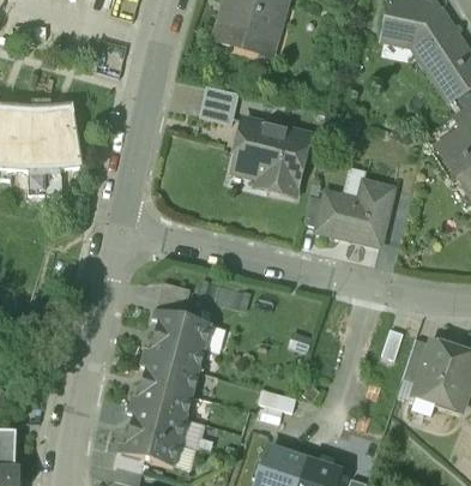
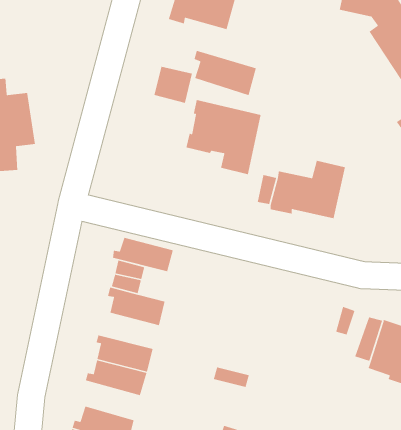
building: none -> [193,50,257,96]
building: [143,334,205,370] -> [112,237,174,272]
building: [127,402,186,442] -> none

